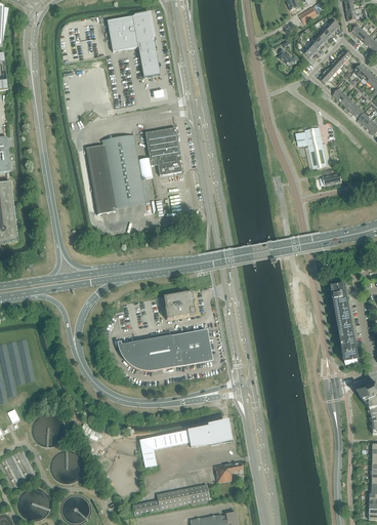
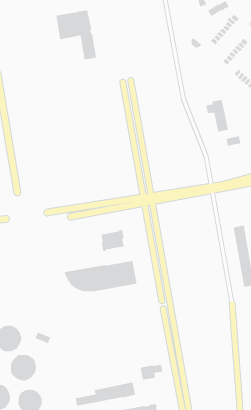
building: [85,127,181,213] -> none
building: [139,422,231,467] -> none

